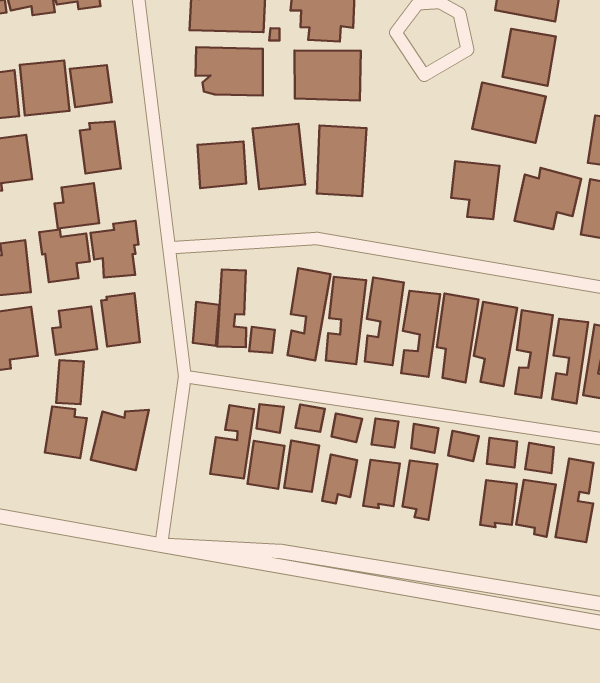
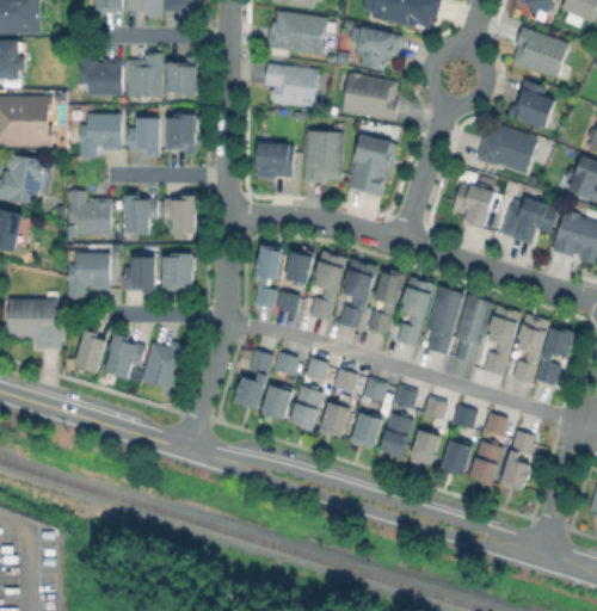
building: [54,183,99,229] -> [128,116,161,148]
building: [193,302,219,346] -> [285,247,310,284]
building: [56,360,84,404] -> [80,334,106,371]
building: none -> [410,427,442,467]

